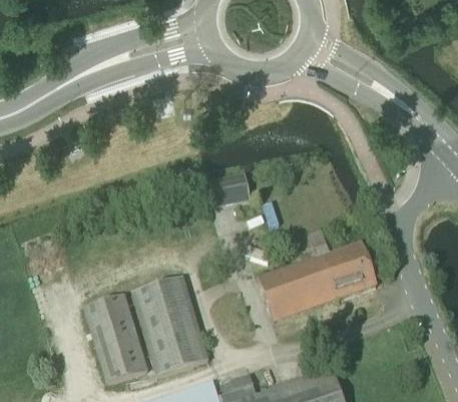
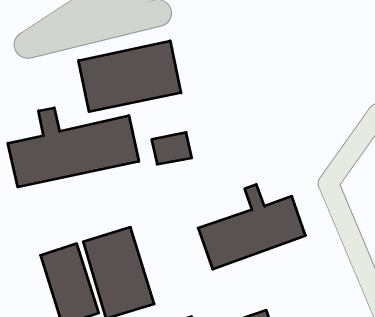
building: none -> [79,41,181,112]
building: none -> [8,108,139,187]

